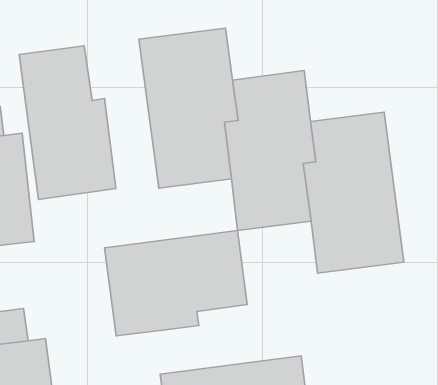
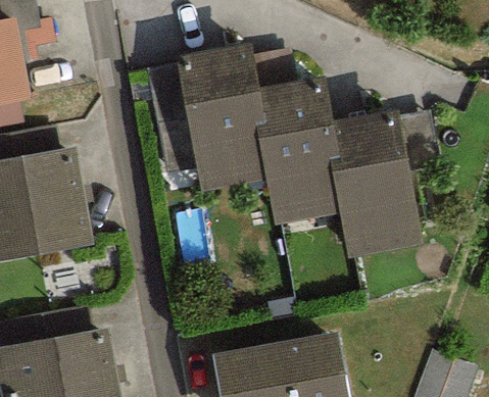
building: [19,46,116,200] -> none
building: [104,231,247,336] -> none

